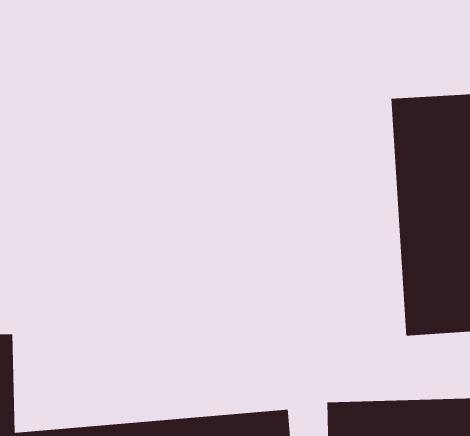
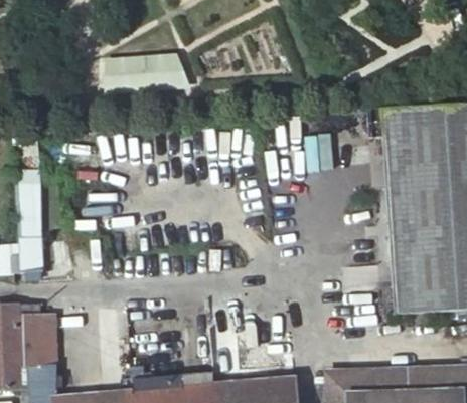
building: none -> [100,50,187,95]

